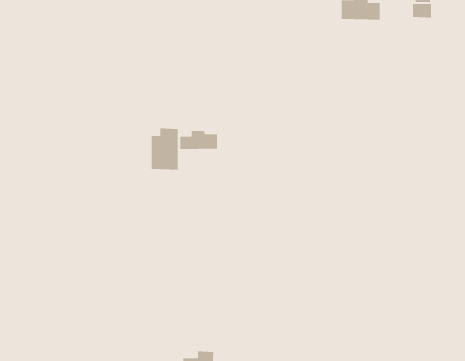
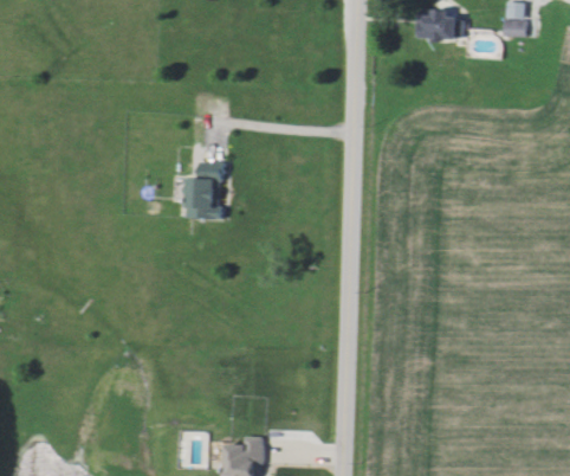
building: [180,130,217,150] -> none

